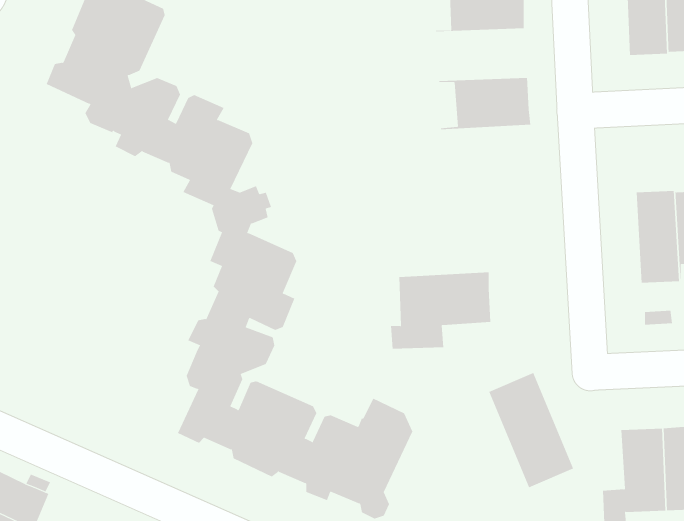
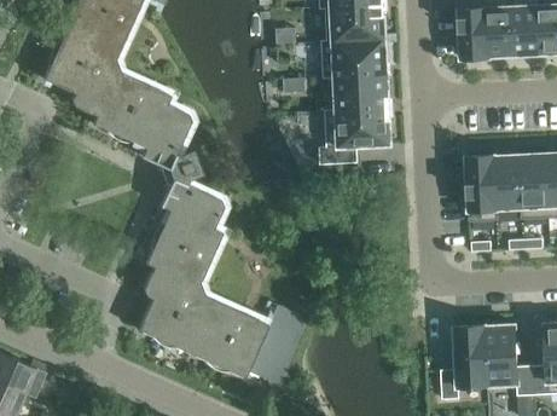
building: none -> [321,39,388,76]
building: [390,272,491,349] -> [319,108,391,163]
building: [488,372,574,488] -> none

